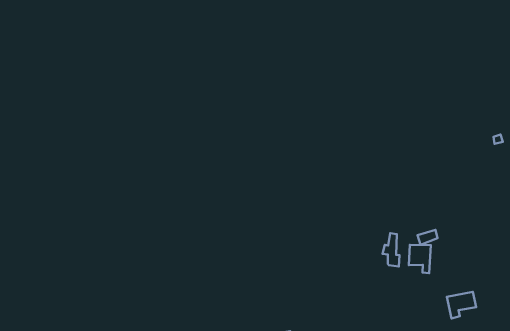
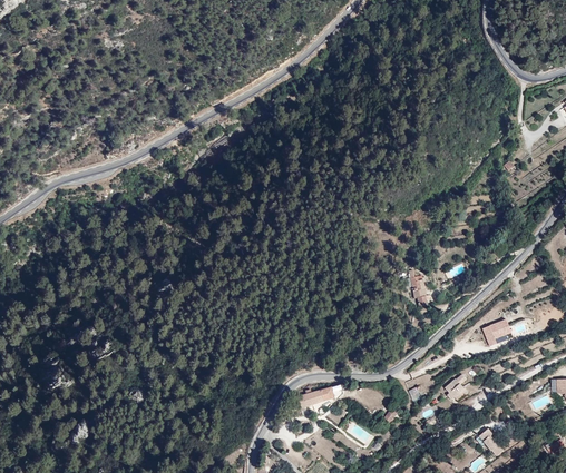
building: [409,245,431,273] -> none

